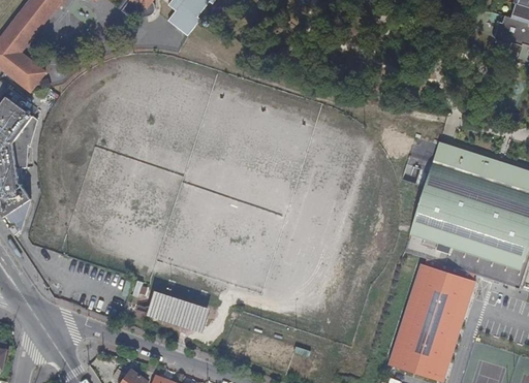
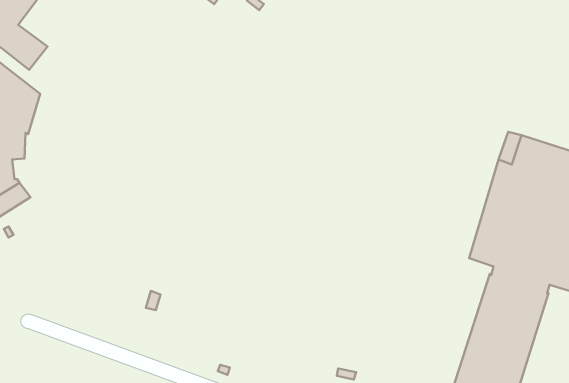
building: [148,289,210,331] -> none

